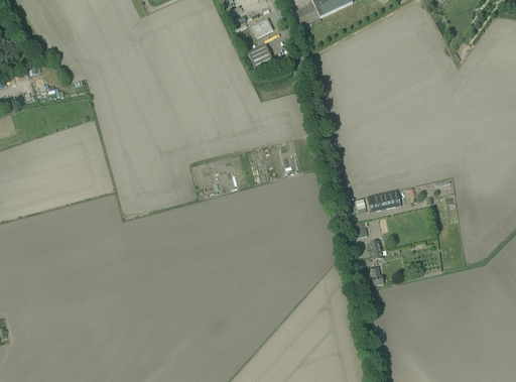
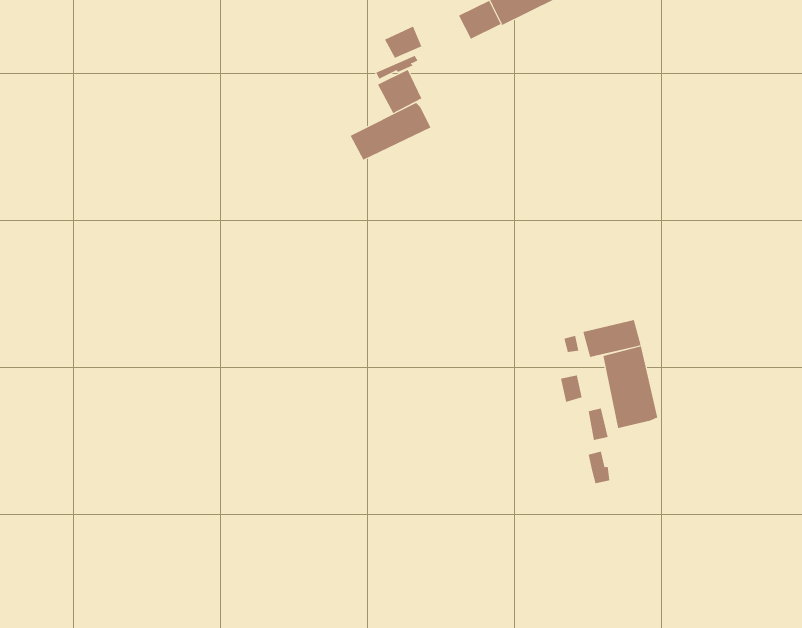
building: none -> [350,102,431,160]
building: none -> [603,346,658,429]

